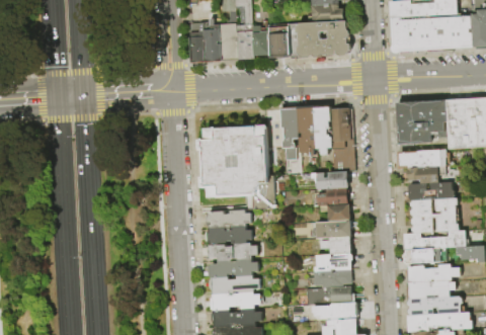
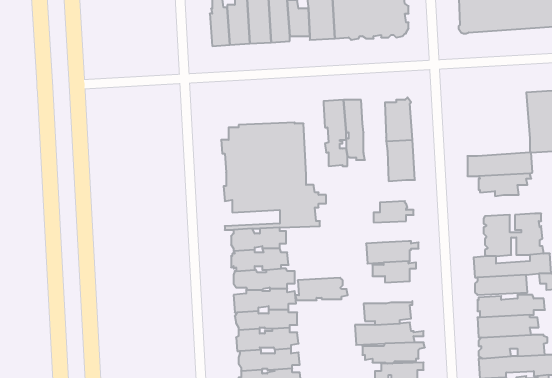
building: [397,100,449,147] -> none
building: [312,105,333,155] -> none
building: [305,171,348,189] -> none
building: [408,182,455,200] -> none
building: [321,204,350,222] -> none
building: [315,253,357,271] -> [295,278,348,300]

